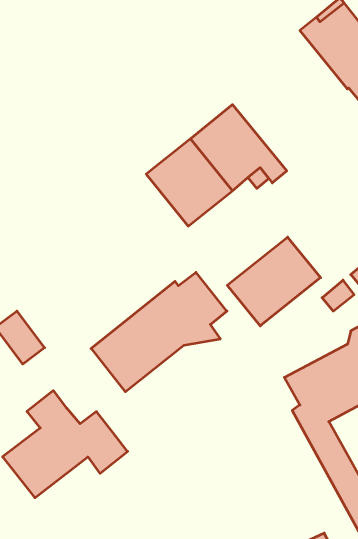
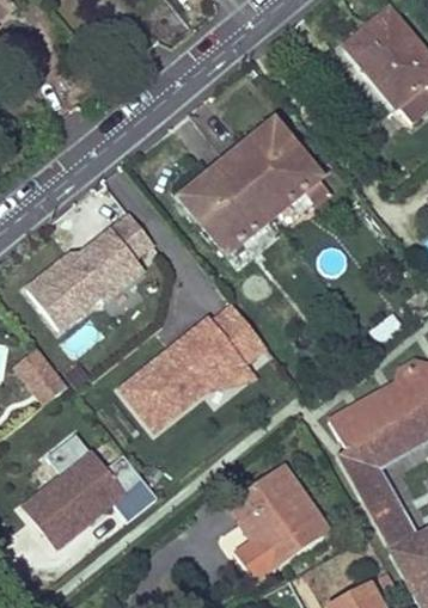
building: none -> [26,214,155,328]
building: [227,237,321,326] -> none
building: none -> [227,466,325,566]

